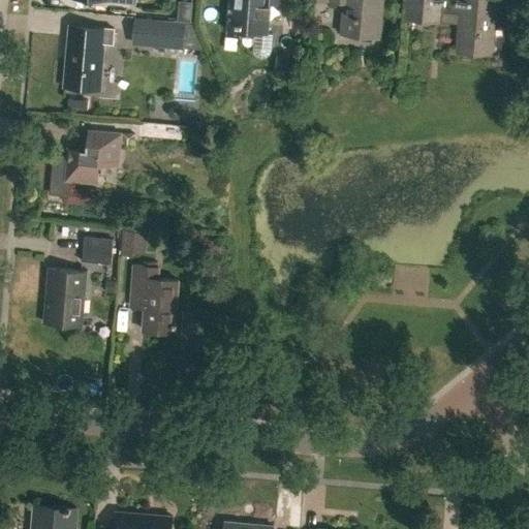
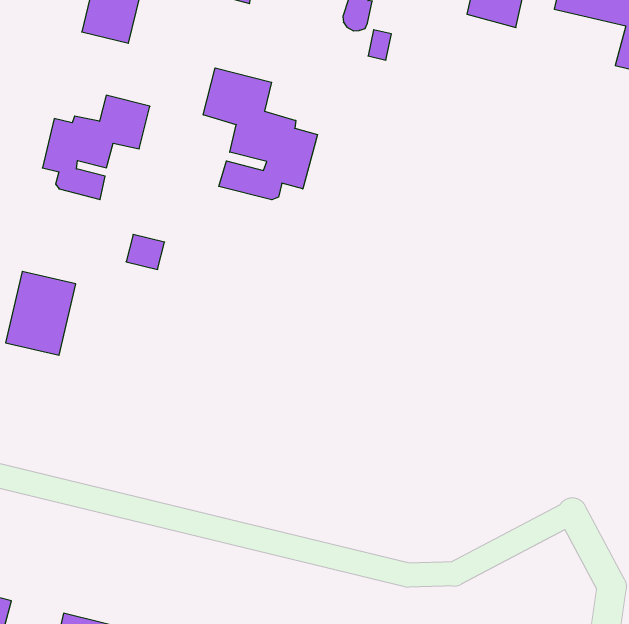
building: none -> [203,68,317,200]
building: [81,235,112,262] -> none
building: [131,267,180,334] -> none

